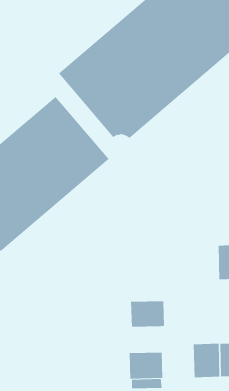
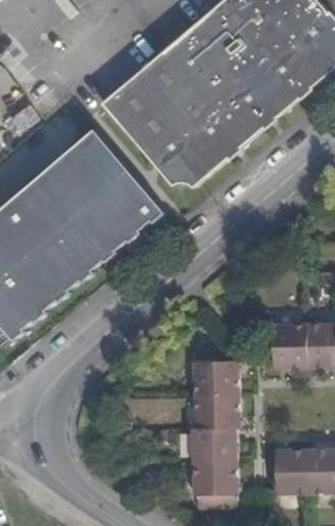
building: none -> [261,323,306,367]
building: none -> [192,350,236,394]
building: none -> [190,426,234,460]

